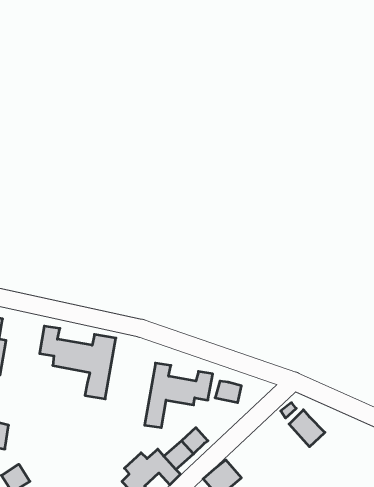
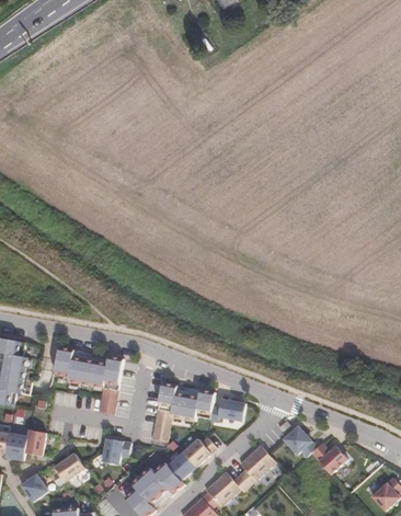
building: none -> [24,428,47,456]
building: none -> [310,435,348,473]
building: none -> [102,436,131,461]
building: none -> [239,445,272,477]
building: none -> [53,452,84,482]

